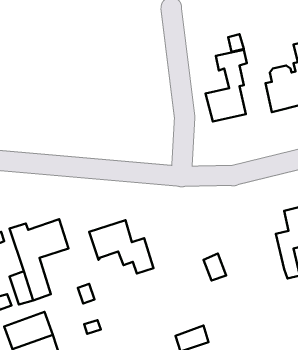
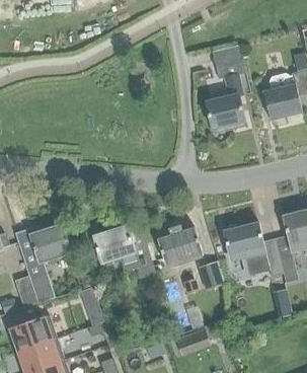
building: none -> [223,223,283,277]
building: none -> [157,226,203,269]

